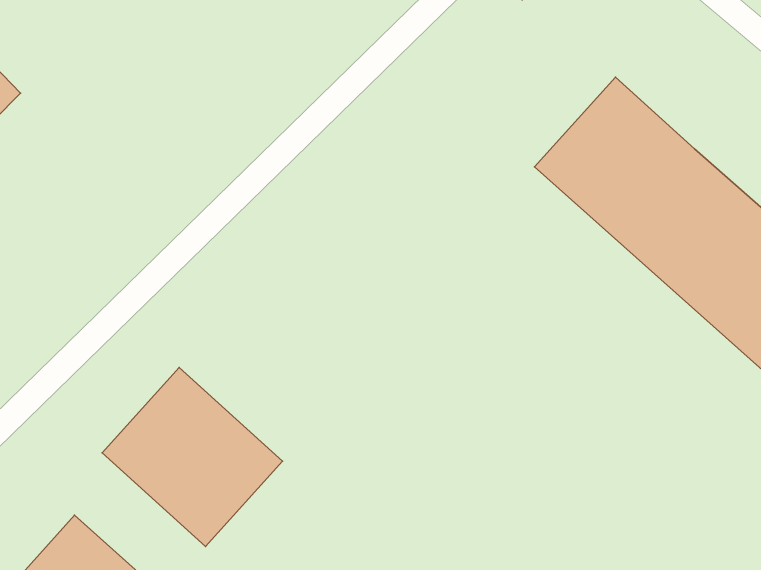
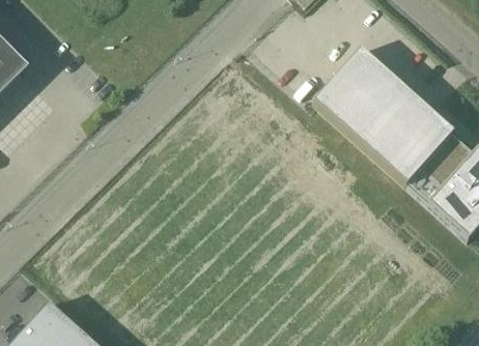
building: [102,367,283,546] -> none

